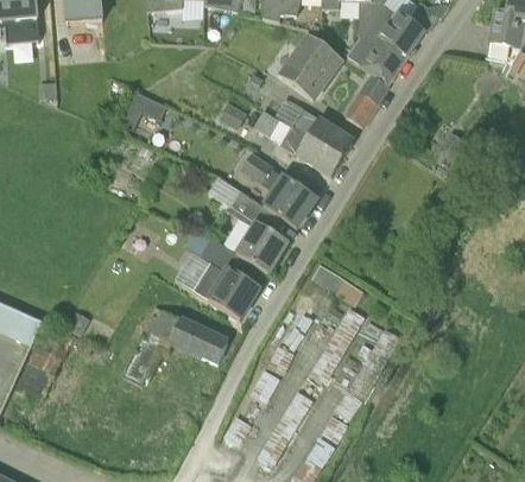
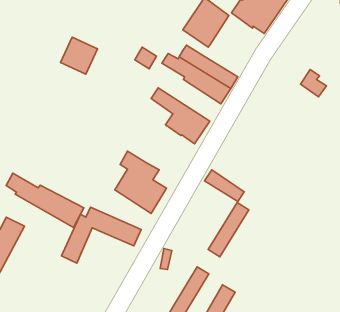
building: [346,72,390,125] -> none
building: [217,182,289,272] -> none
building: none -> [6,173,84,227]

